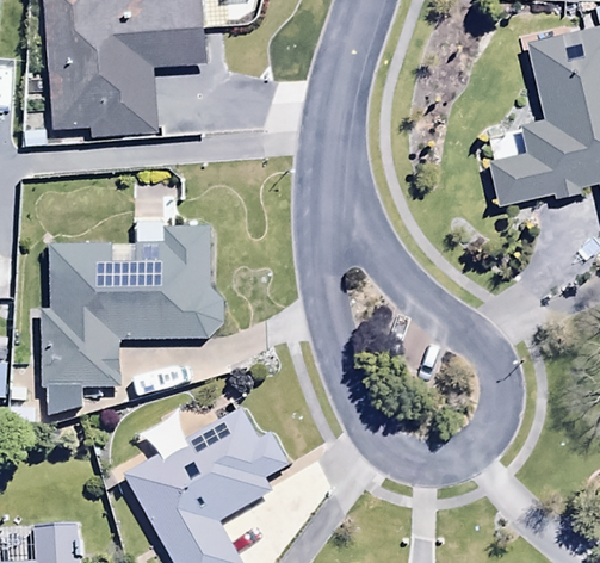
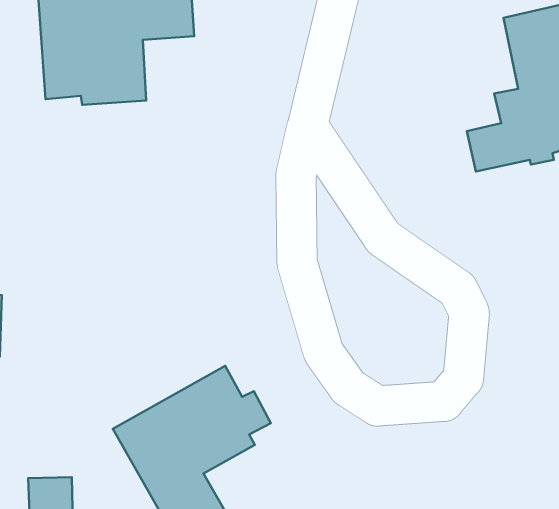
building: [41,222,223,416] -> none

